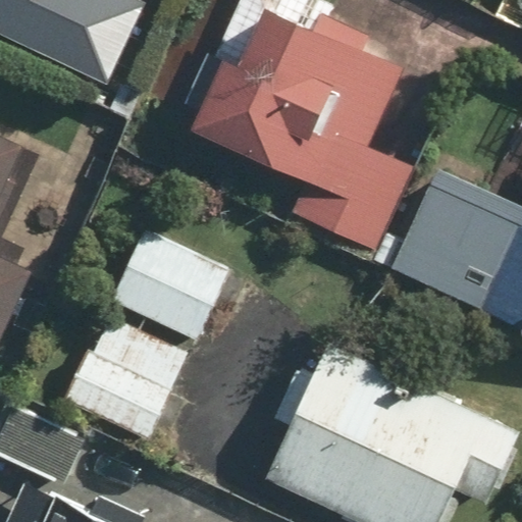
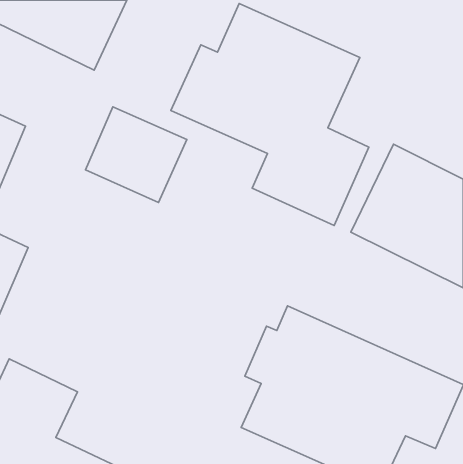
building: [113,231,226,338] -> [86,107,187,203]
building: [66,316,188,439] -> none

